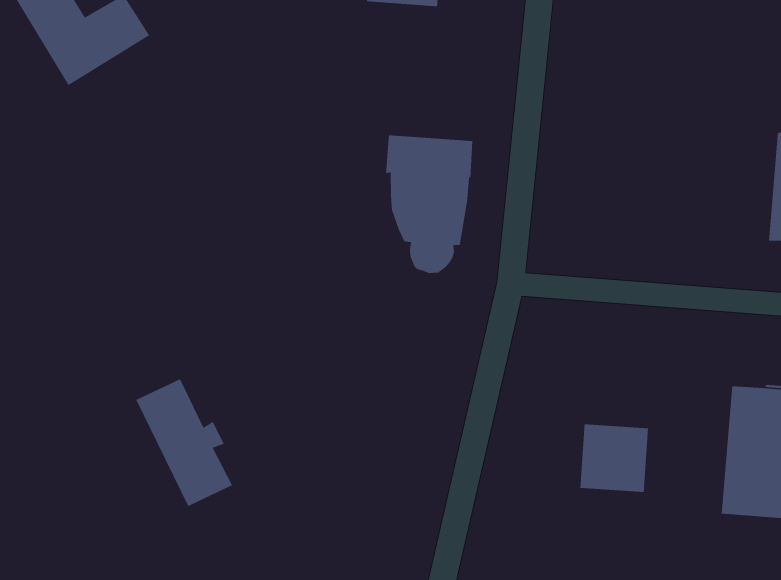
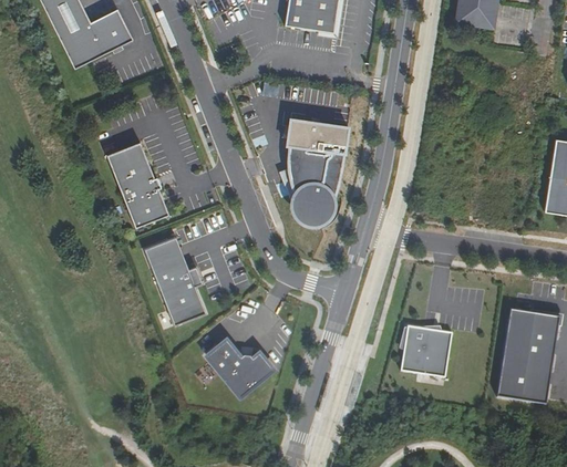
building: none -> [106,141,168,227]
building: [135,378,233,507] -> [144,236,206,324]
building: none -> [206,339,274,396]

